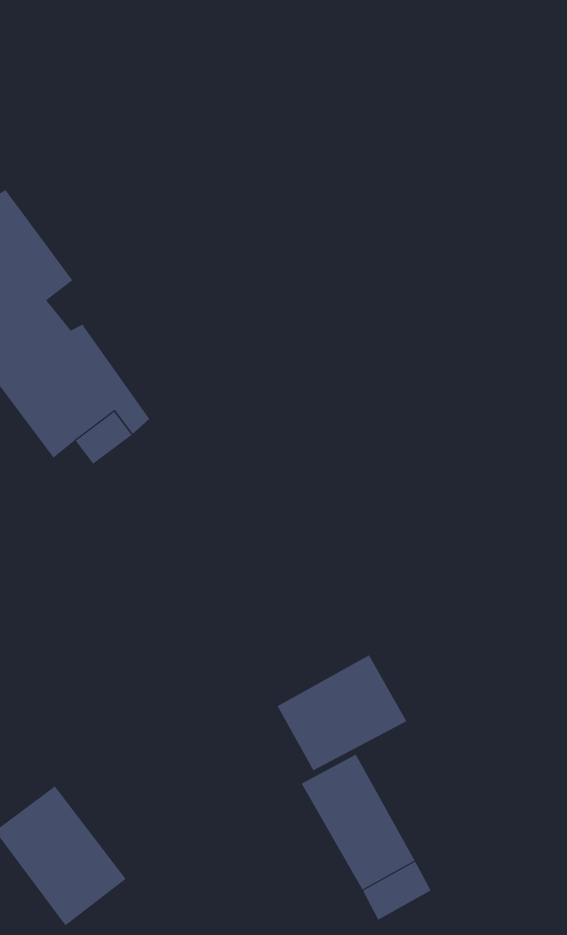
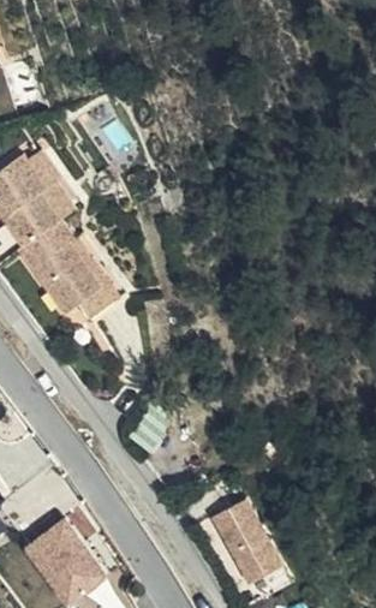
building: [277,655,407,771] -> none

